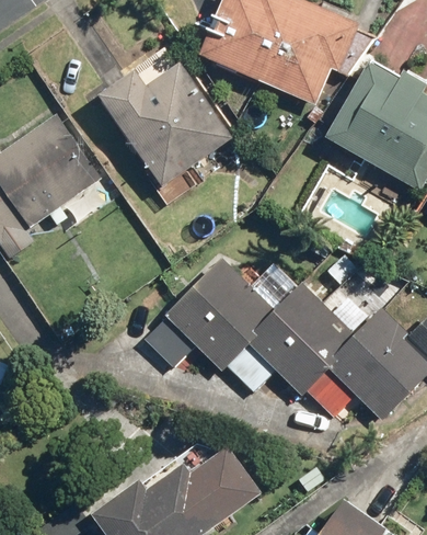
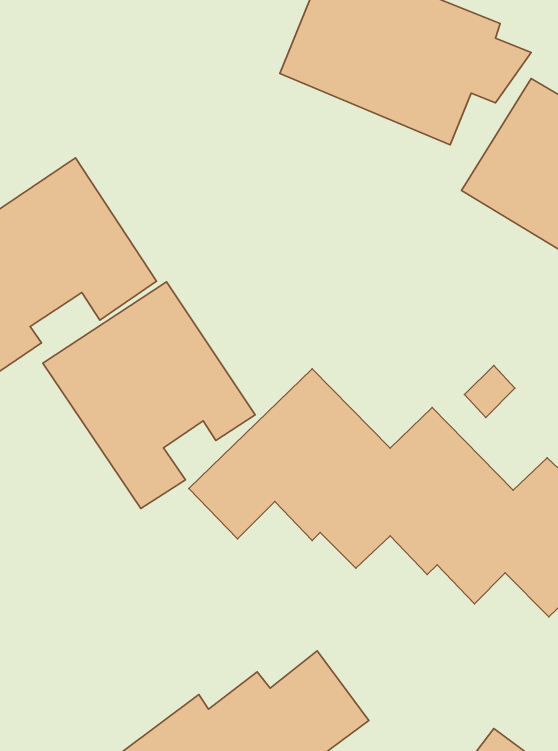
building: [96,45,236,207] -> none
building: none -> [43,282,255,509]

